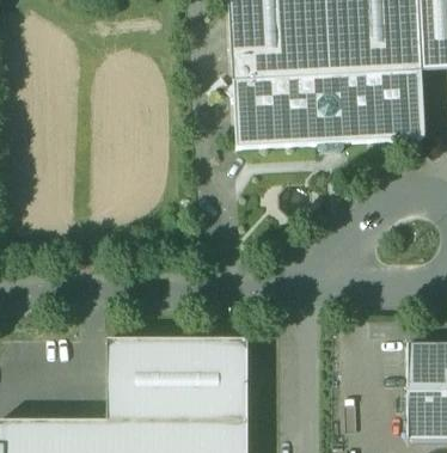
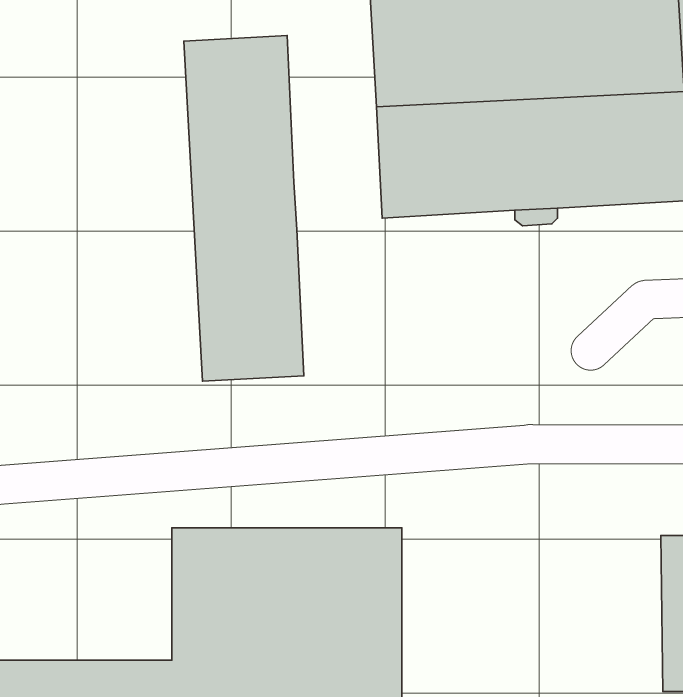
building: none -> [184,36,304,381]

